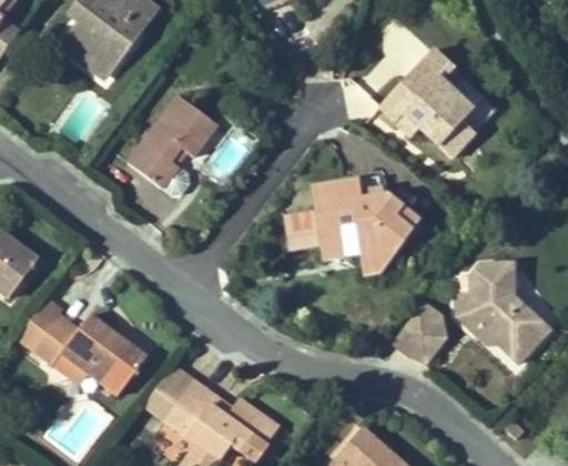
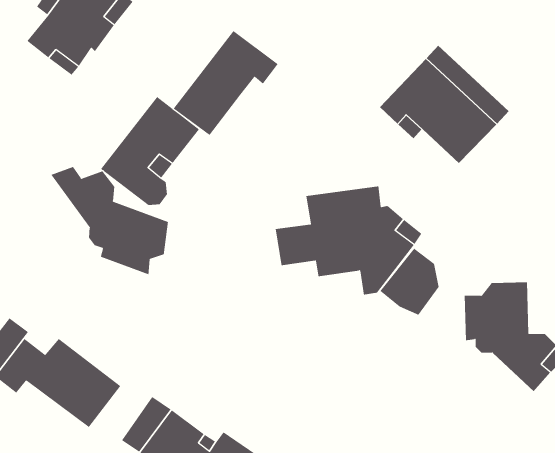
building: none -> [173,30,279,136]
building: none -> [51,166,169,275]
building: [392,301,446,362] -> [379,248,440,315]

